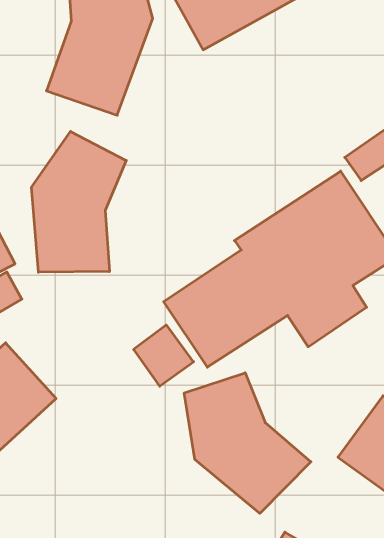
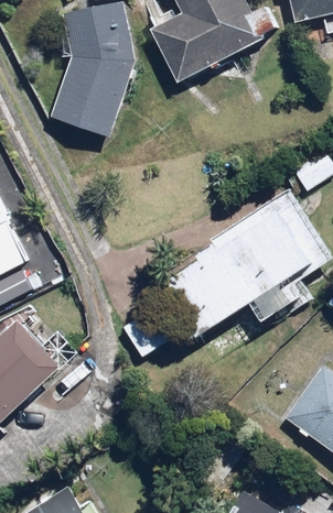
building: [32,131,126,272] -> none
building: [184,373,311,513] -> none

